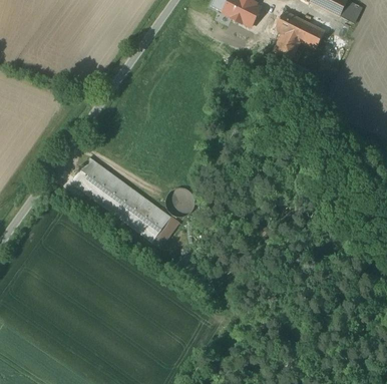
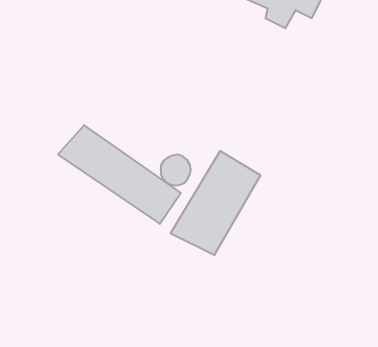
building: none -> [171,151,260,255]

